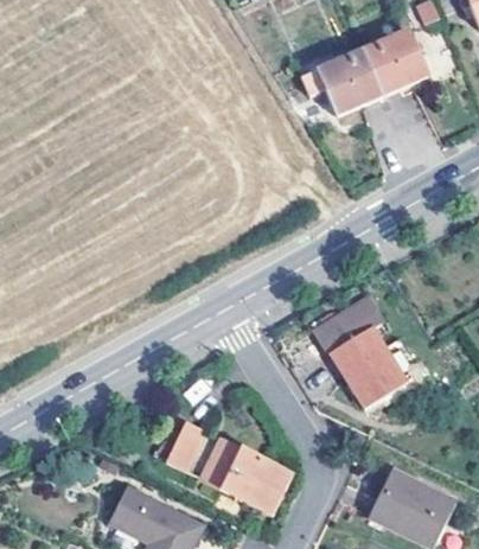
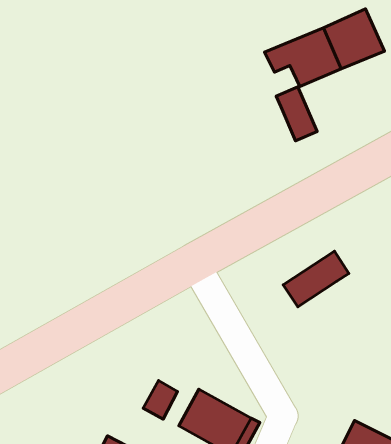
building: none -> [276,87,317,141]
building: [331,323,421,406] -> none

